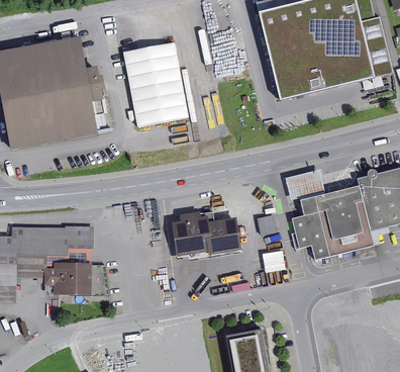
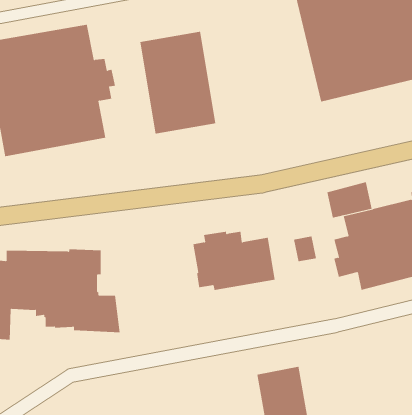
building: [261,251,284,272] -> none

